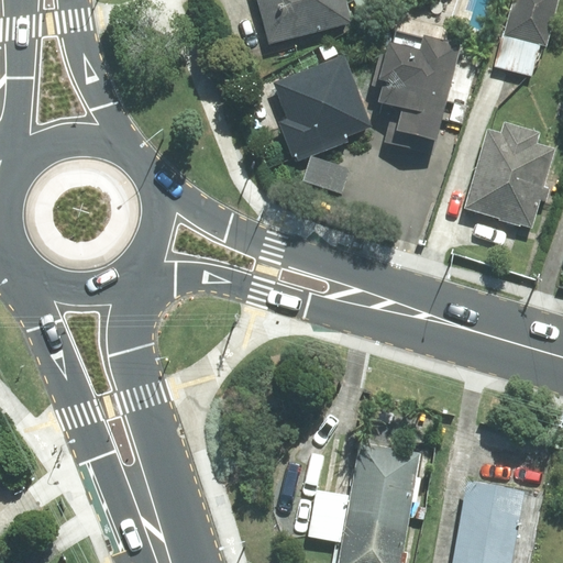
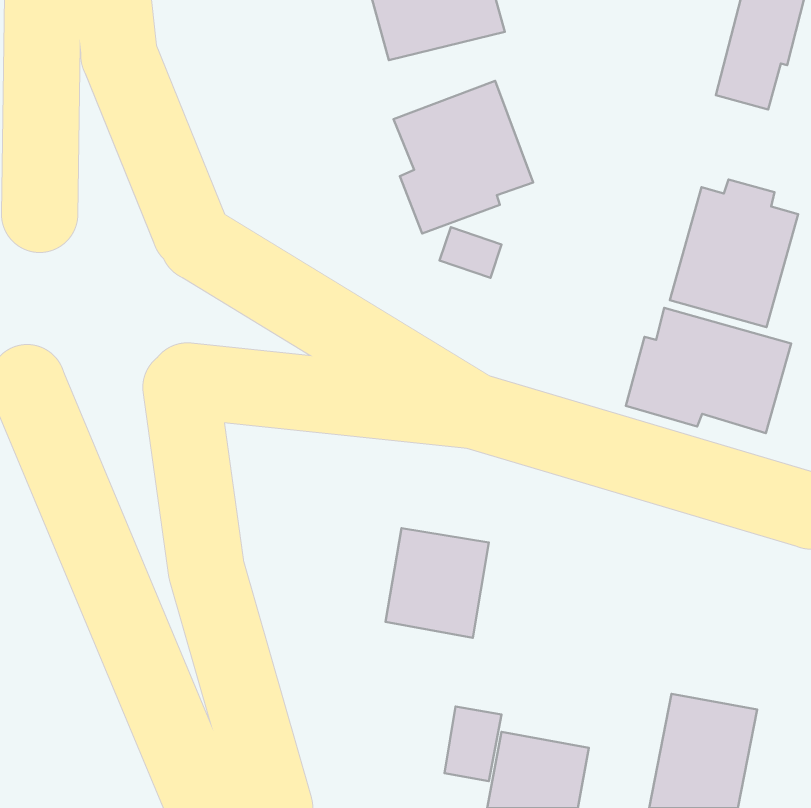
building: [378,40,457,140] -> none
building: none -> [626,308,791,433]
building: [347,442,419,518] -> [386,528,489,638]

